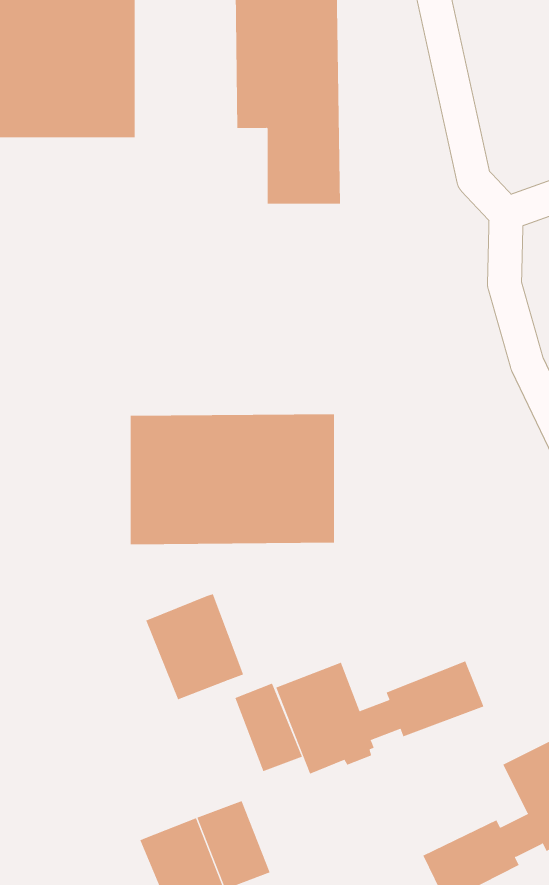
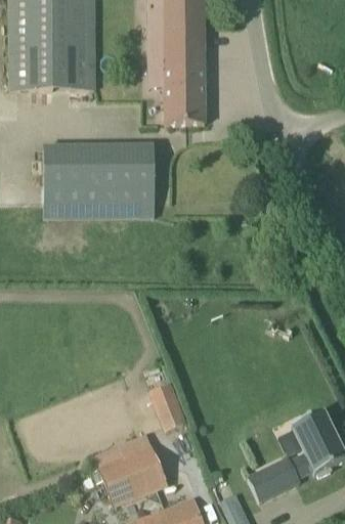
building: [130,414,335,545] -> [43,147,154,218]
building: [145,593,244,700] -> none
building: [275,661,484,775] -> none

